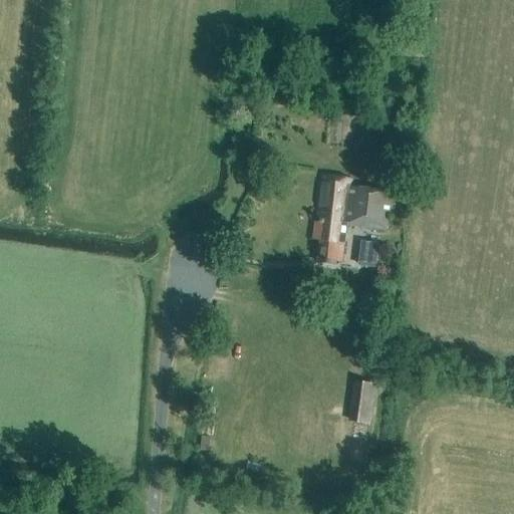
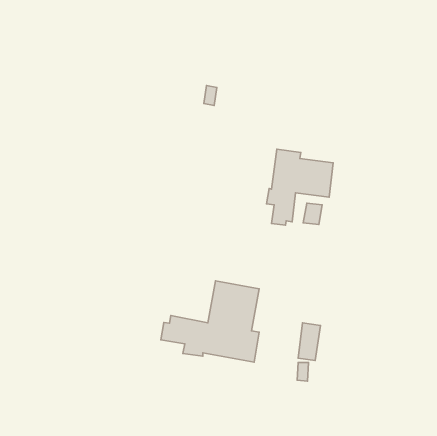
building: none -> [161,281,259,362]

